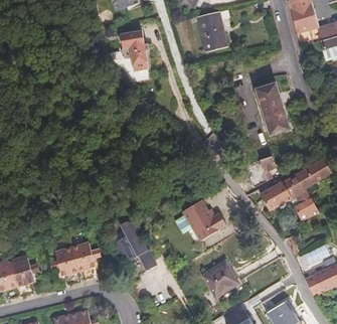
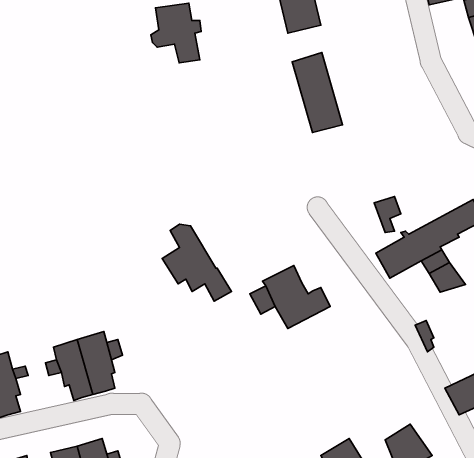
building: [258,82,290,133] -> [292,53,342,133]
building: [117,219,161,269] -> [162,224,231,301]
building: [202,261,237,295] -> none

